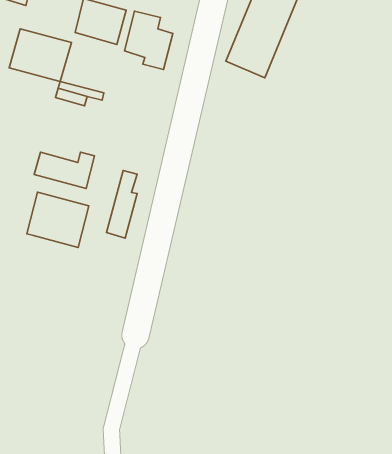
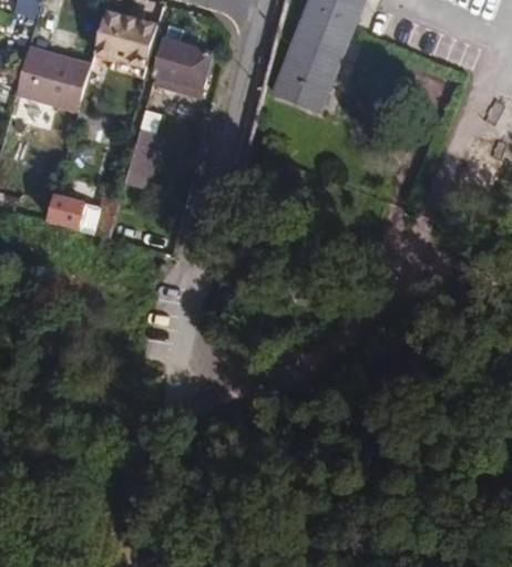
building: [106,170,137,238] -> [123,109,160,189]
building: [27,192,89,247] -> none

